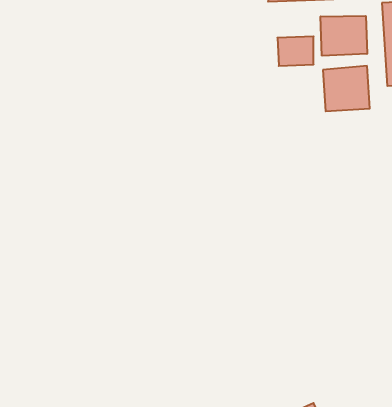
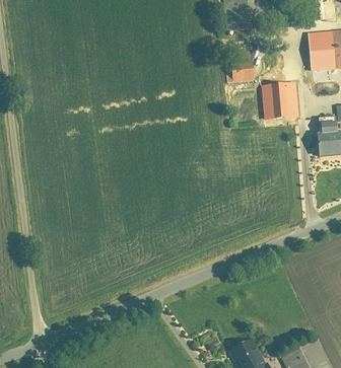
building: [321,16,367,56] -> none

